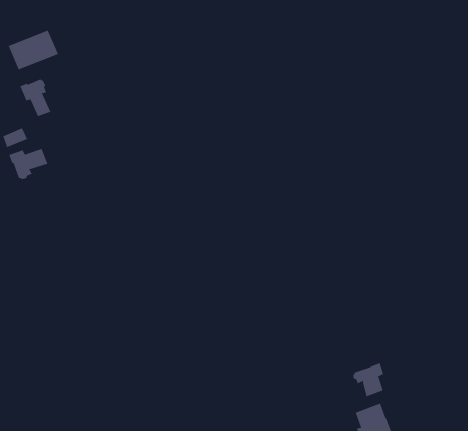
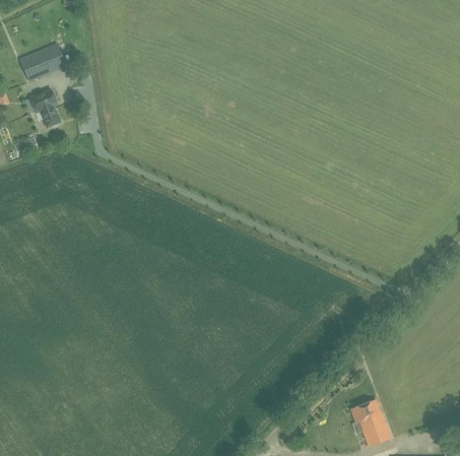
building: [8,148,48,180] -> none
building: [353,362,384,397] -> none

